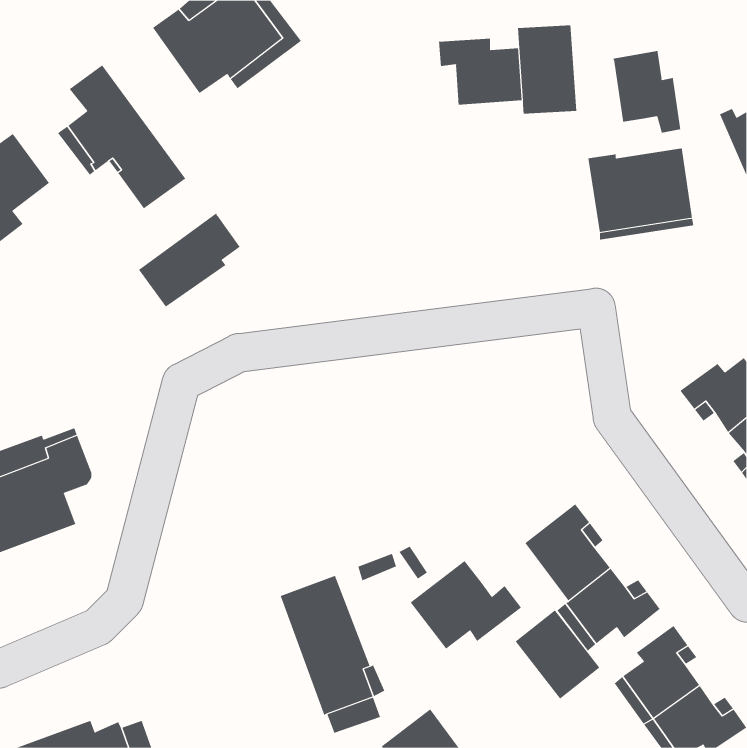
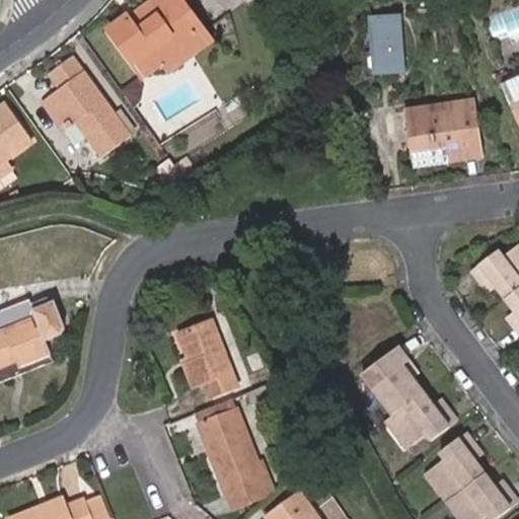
building: [439,38,522,106] -> none
building: [613,50,681,133] -> none
building: [138,213,241,307] -> none
building: none -> [177,322,237,397]
building: [410,560,522,650] -> none
building: [515,609,600,700] -> none

